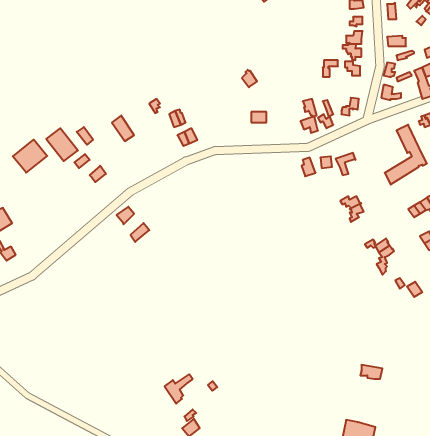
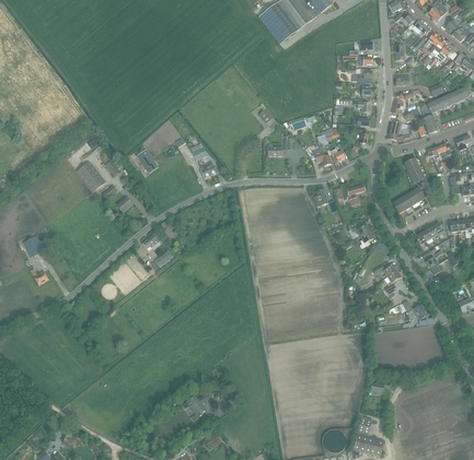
building: [13,140,47,173] -> none

